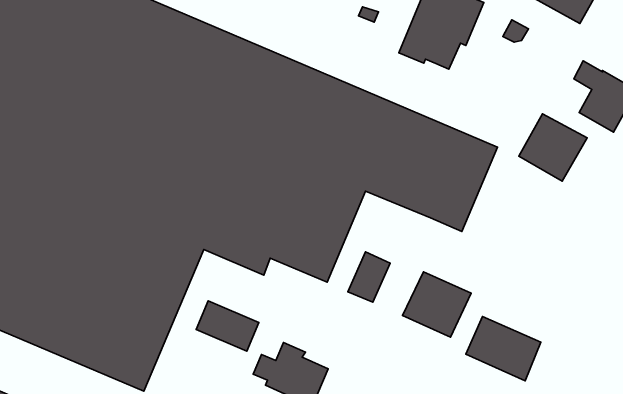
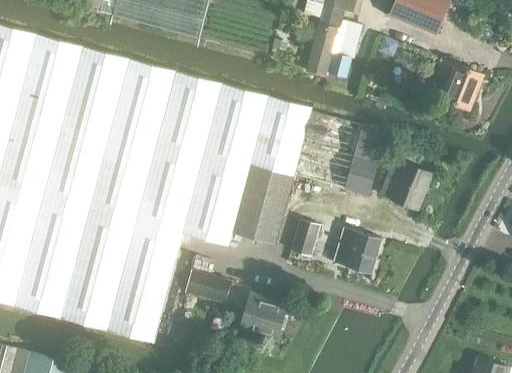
building: [519,114,587,181] -> [382,160,430,207]
building: [466,317,541,381] -> none

